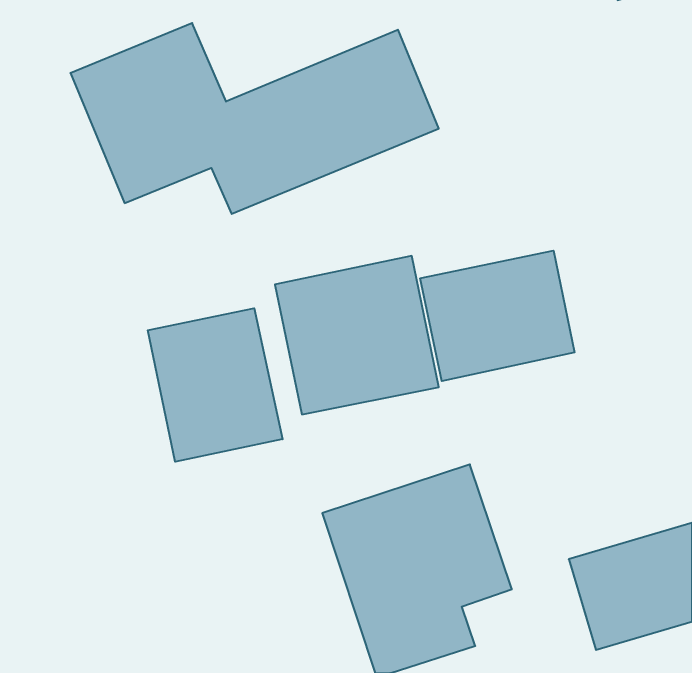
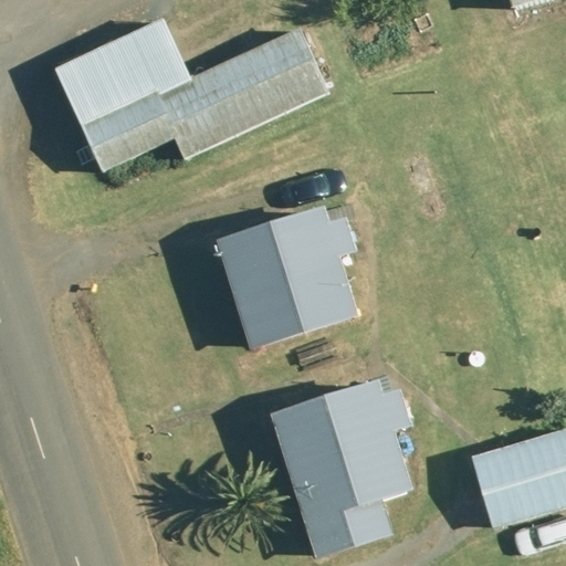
building: [420,251,575,381] -> none
building: [148,308,283,462] -> none

